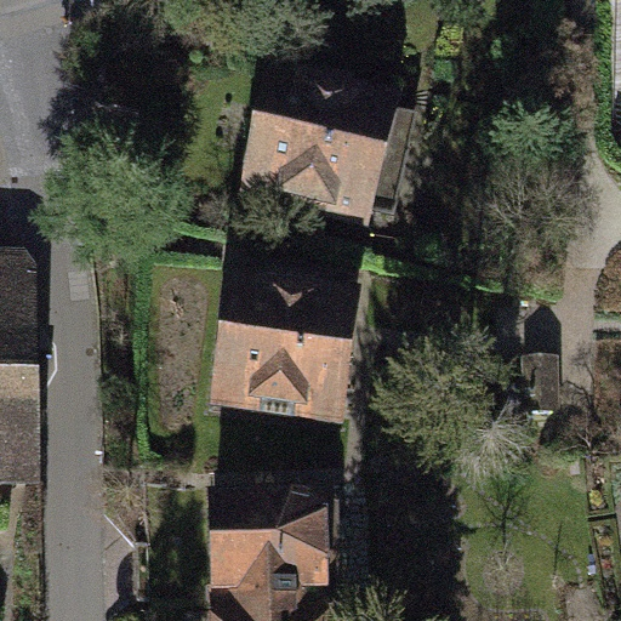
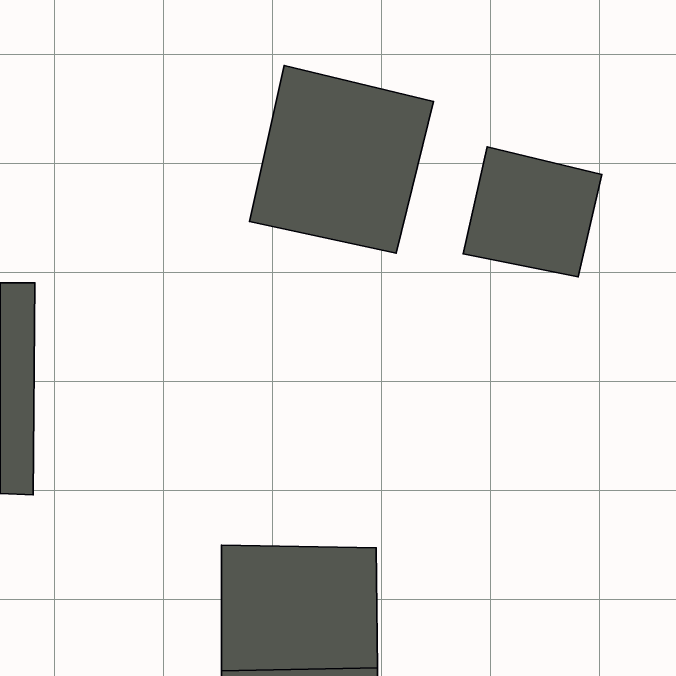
building: none -> [463,147,602,277]
building: [205,267,358,433] -> none

